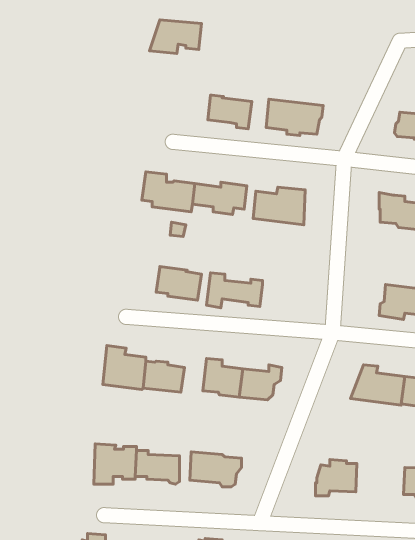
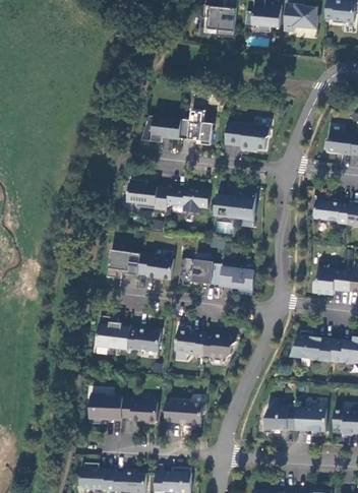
building: [150,20,201,53] -> [140,116,181,142]
building: none -> [107,250,141,279]
building: none -> [220,267,254,294]
building: none -> [295,408,326,436]

